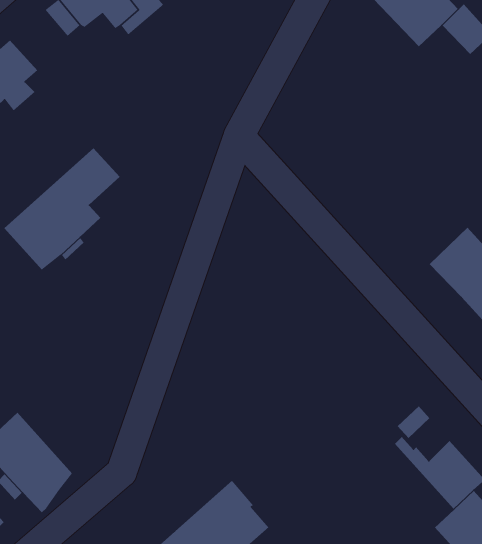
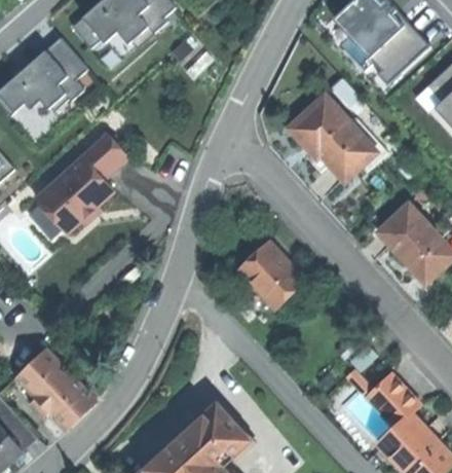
building: none -> [41,35,87,113]
building: none -> [368,39,409,83]
building: none -> [288,98,377,180]
building: none -> [238,239,306,307]

